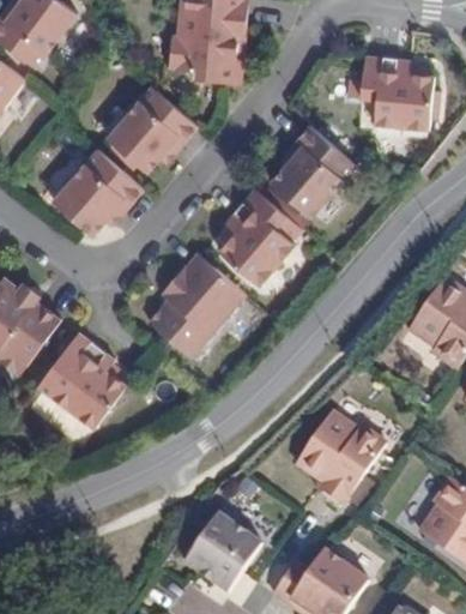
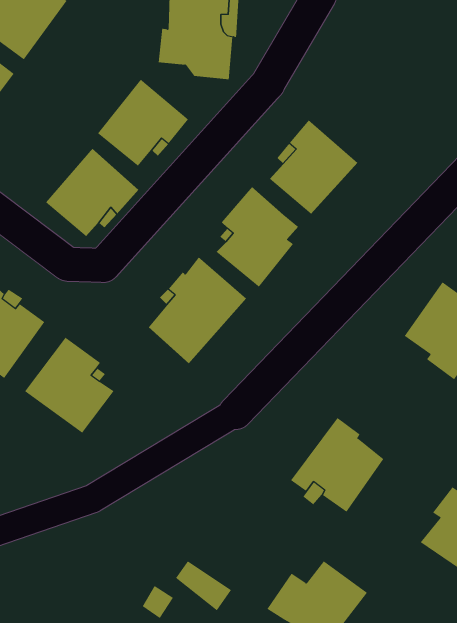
building: [371,58,442,131] -> none
building: [193,519,258,578] -> none

